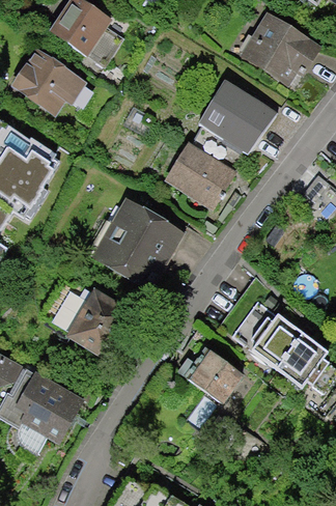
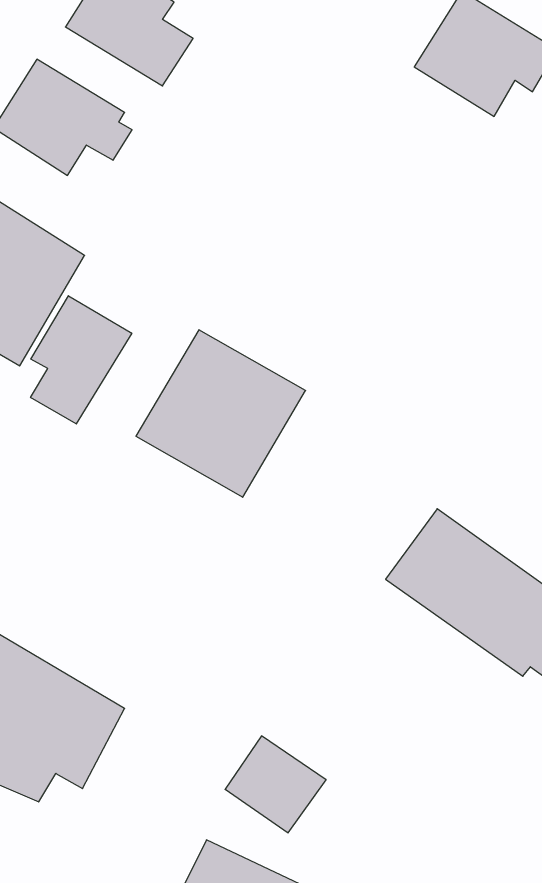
building: [162,80,274,209] -> none
building: none -> [31,296,132,424]
building: [57,287,135,362] -> none
building: [189,350,244,403] -> [225,736,326,833]

